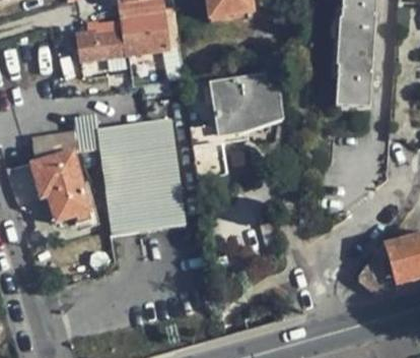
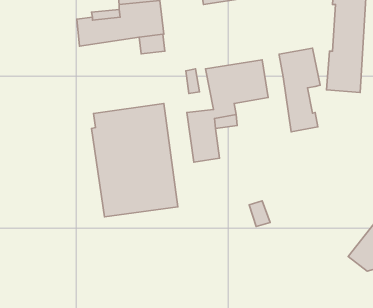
building: none -> [279,48,320,132]
building: [31,129,99,224] -> none

